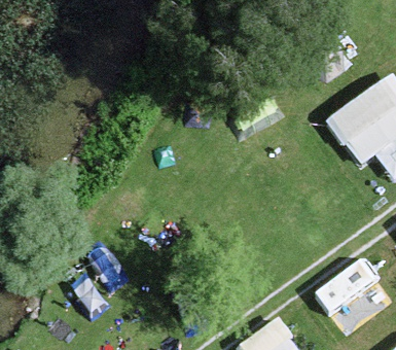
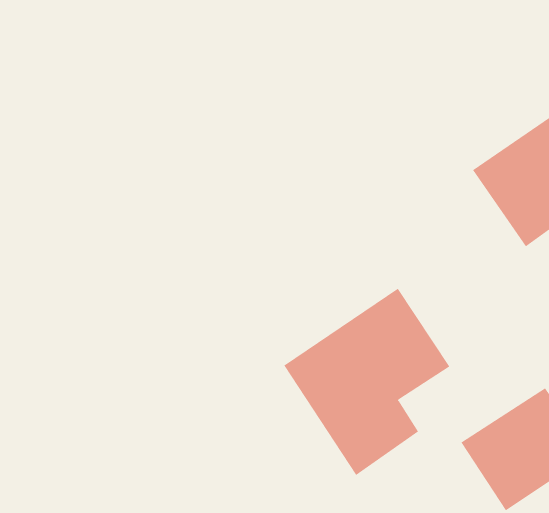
building: none -> [283,288,450,476]

